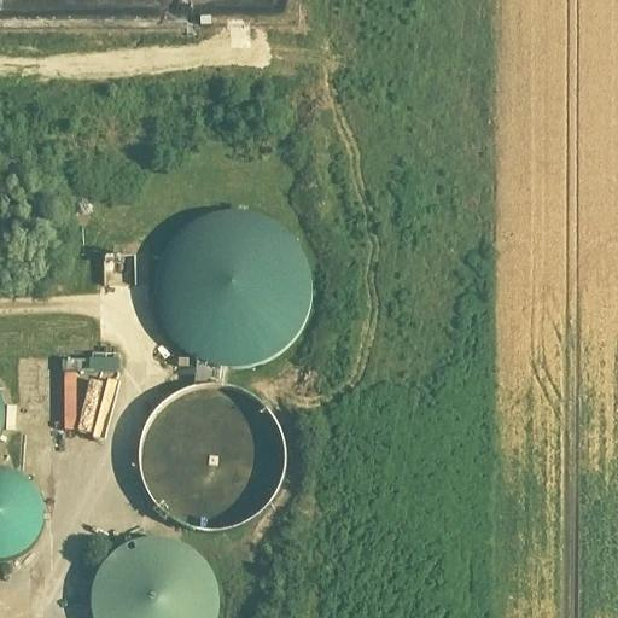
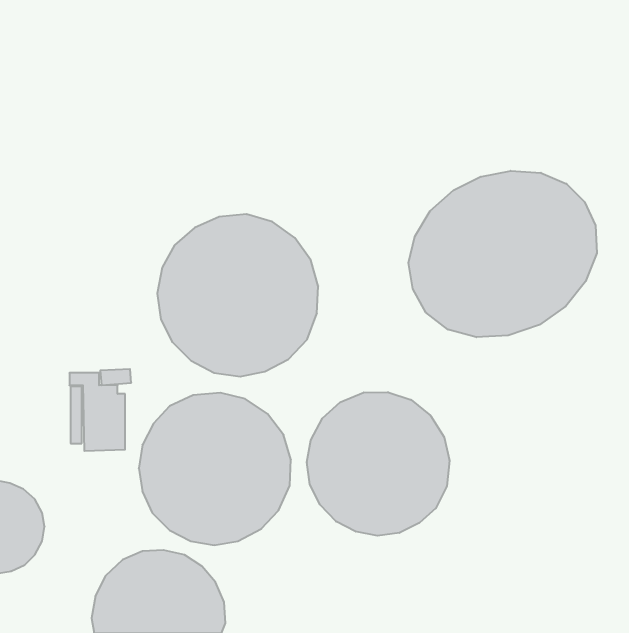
building: none -> [409,171,597,337]
building: none -> [307,392,449,536]

